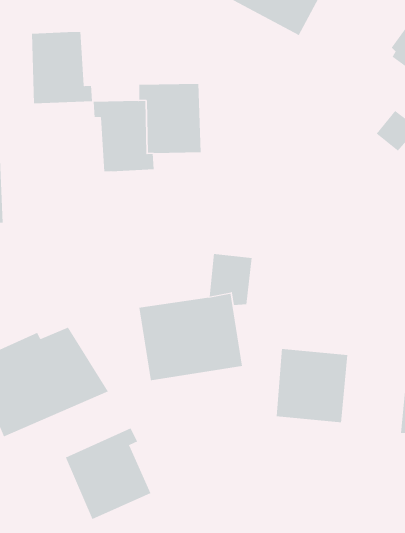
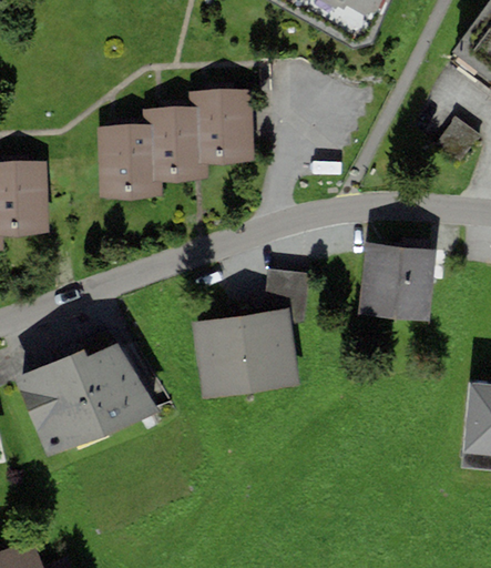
building: [31,31,93,104] -> [98,124,162,200]
building: [276,348,348,423] -> [359,242,434,320]
building: [65,428,151,520] -> none

